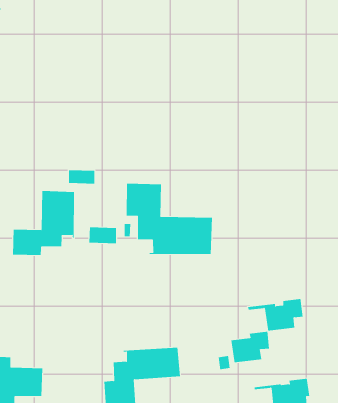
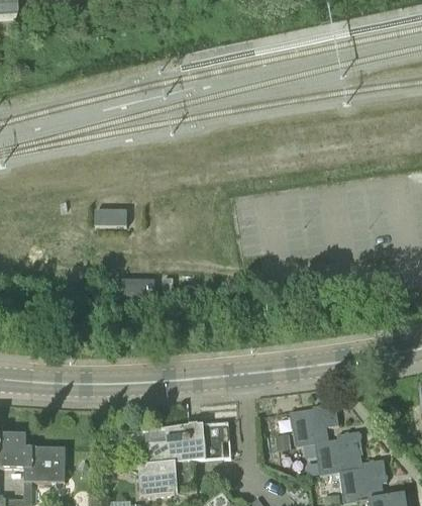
building: [126,183,212,255] -> none
building: [13,190,74,256] -> none
building: [247,298,304,331] -> [294,430,361,470]

